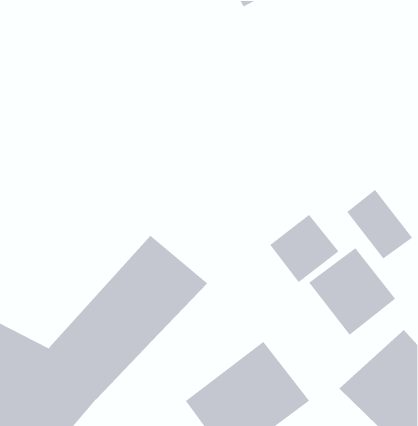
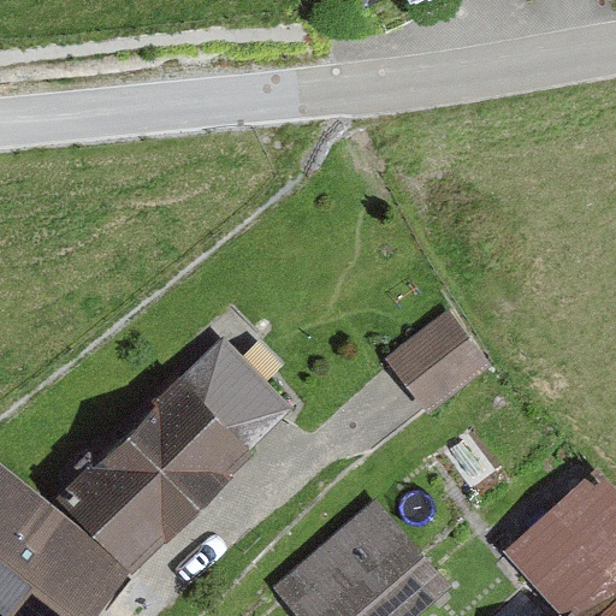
building: [346,189,413,260] -> none
building: [308,247,396,336] -> none

